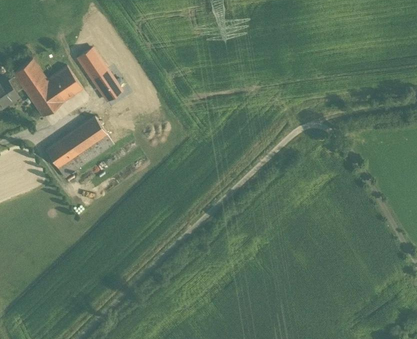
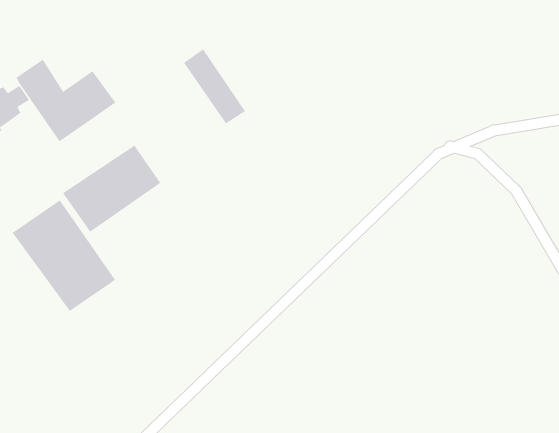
building: [78,49,121,101] -> [183,48,246,124]
building: none -> [12,199,116,312]

